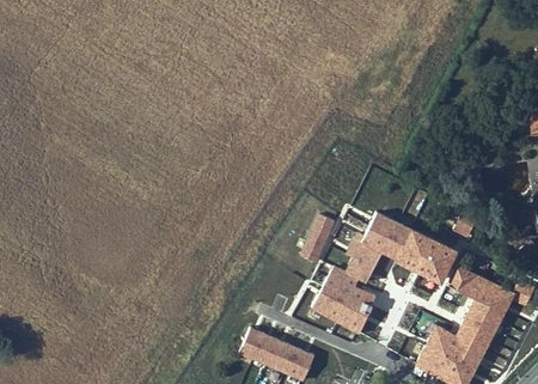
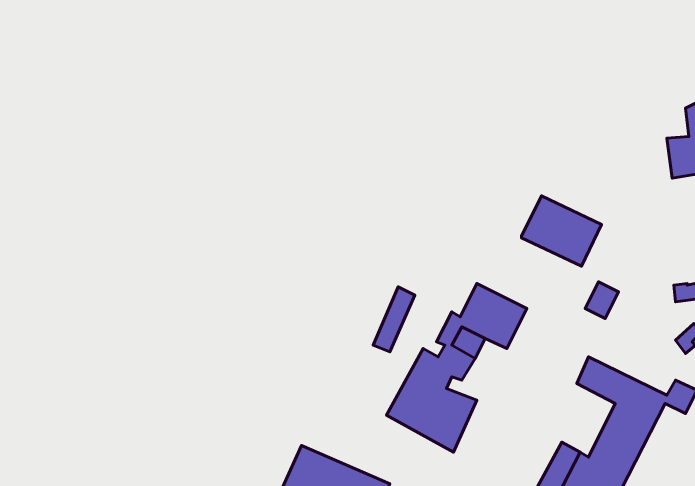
building: [398,230,456,280] -> [522,196,602,266]

